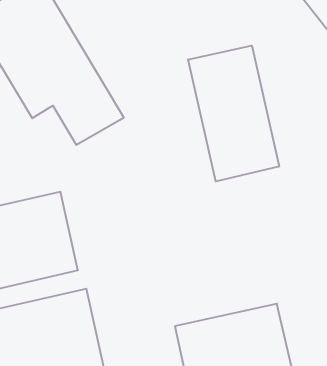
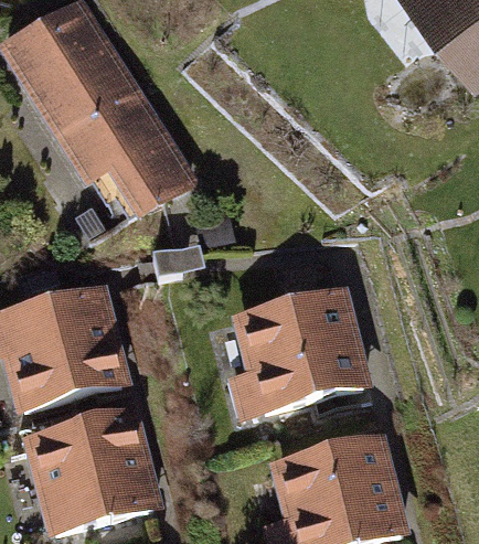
building: [188,46,279,181] -> none
building: none -> [224,277,383,412]

